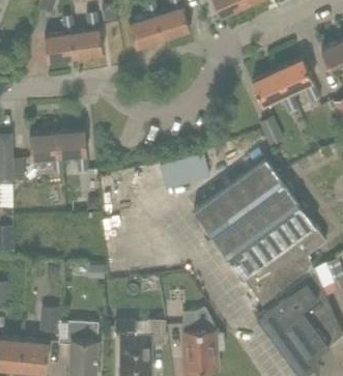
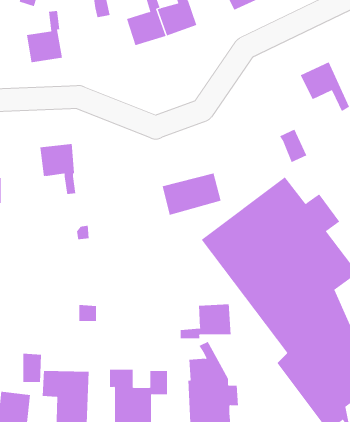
building: [72,13,103,58] -> none
building: [252,73,296,114] -> none
building: [28,134,63,175] -> none
building: none -> [180,304,231,339]

